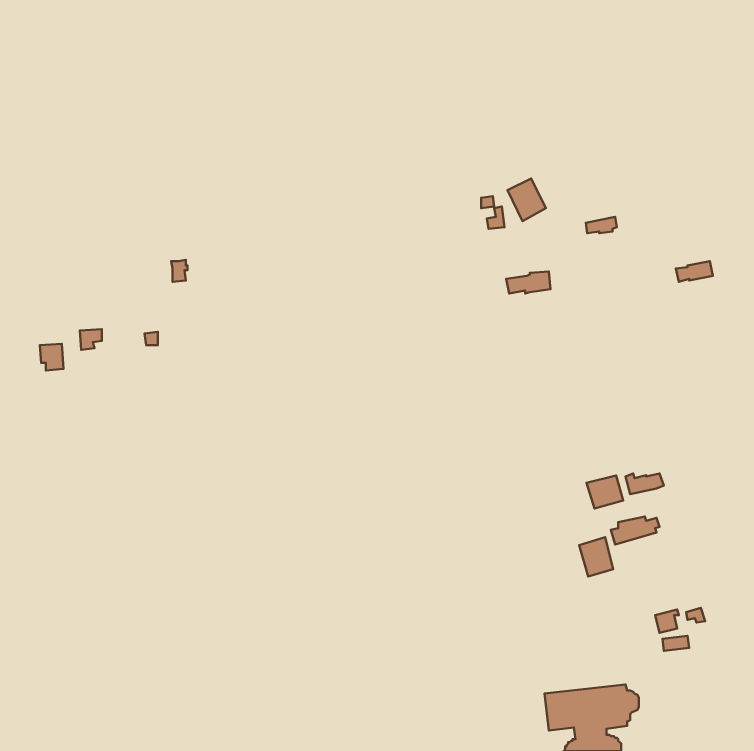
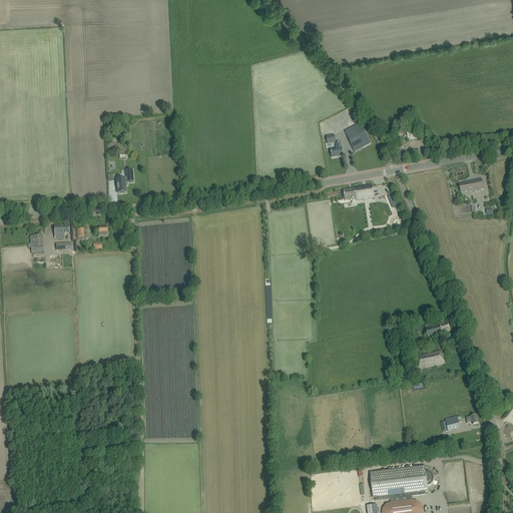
building: [586,475,623,509] -> none
building: [579,537,613,576] -> none

